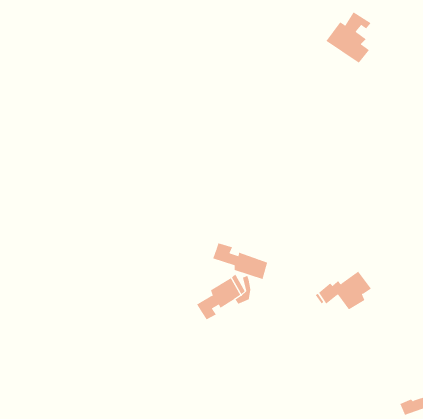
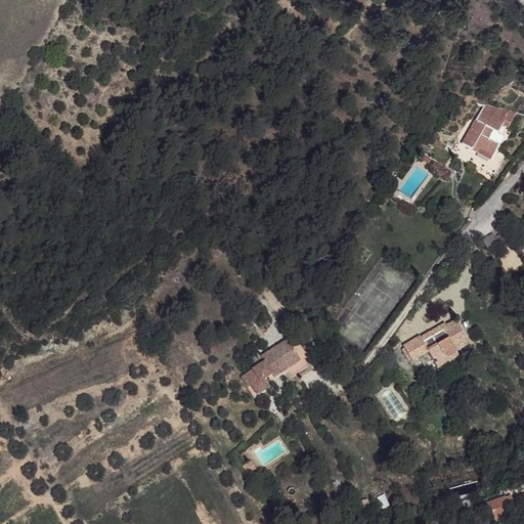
building: [326,12,372,63] -> [452,100,509,164]
building: [213,243,268,280] -> none

